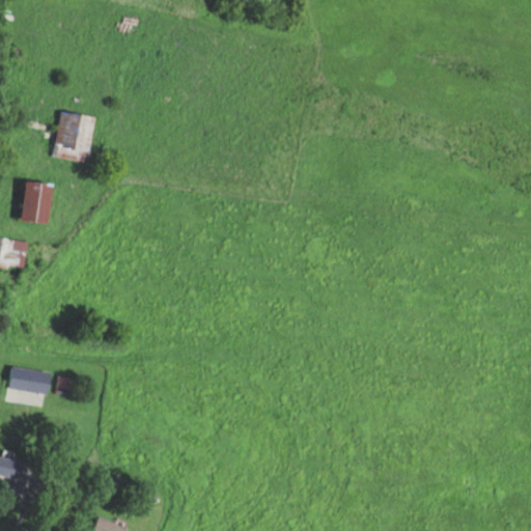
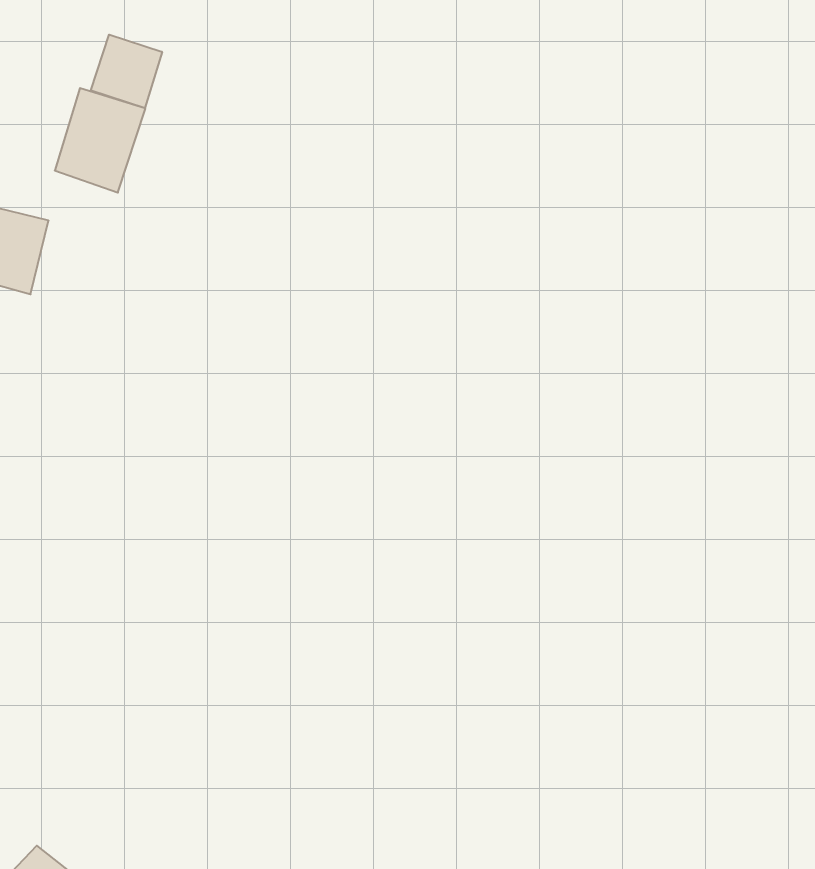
building: none -> [91,35,162,108]

